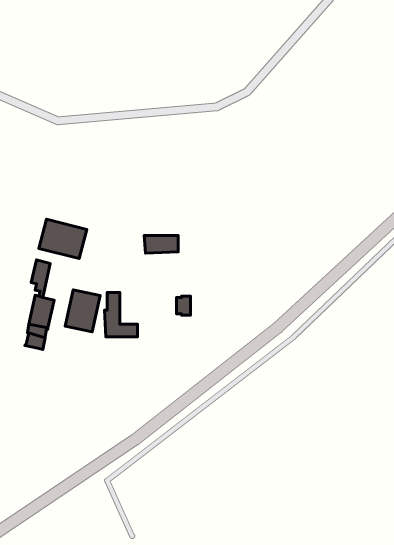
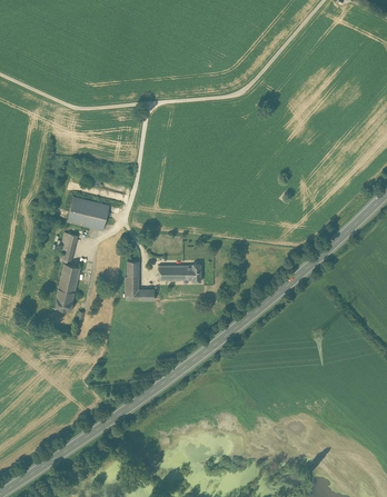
building: [144,236,178,253] -> [158,265,188,280]
building: [65,290,100,332] -> none

